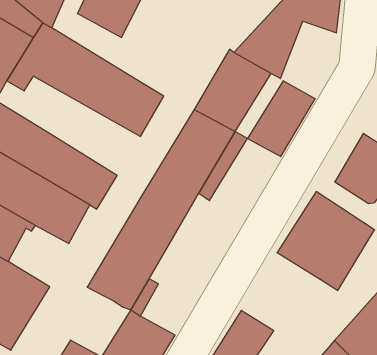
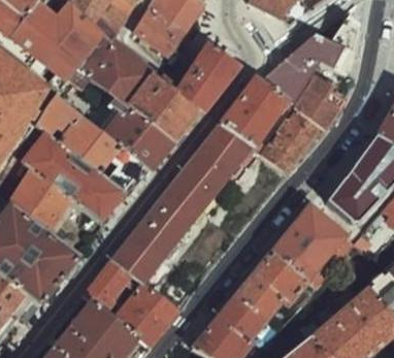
building: none -> [175,43,238,112]
building: none -> [297,75,346,130]
building: none -> [98,96,172,169]
building: none -> [237,251,306,316]
building: none -> [84,259,132,310]

